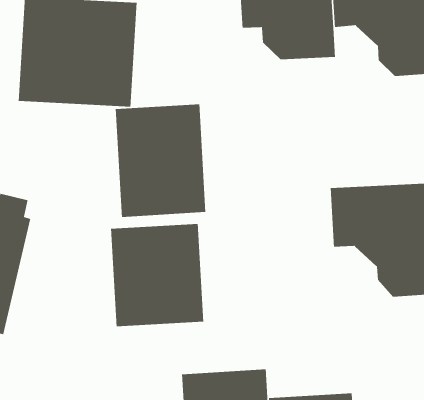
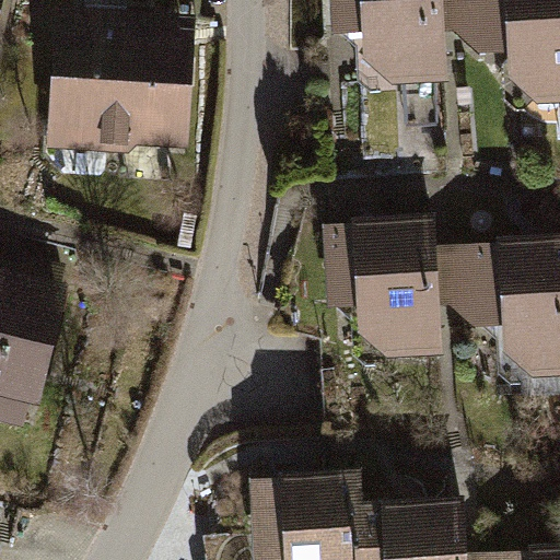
building: [115,103,206,218] -> none
building: none -> [322,220,444,362]
building: [110,223,204,327] -> none

